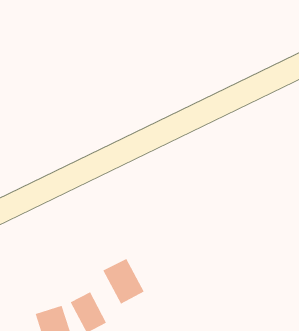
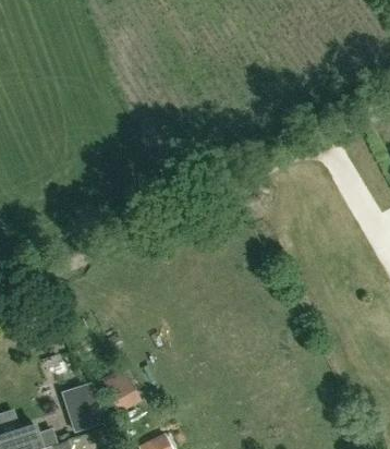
building: [102,258,144,304] -> none

